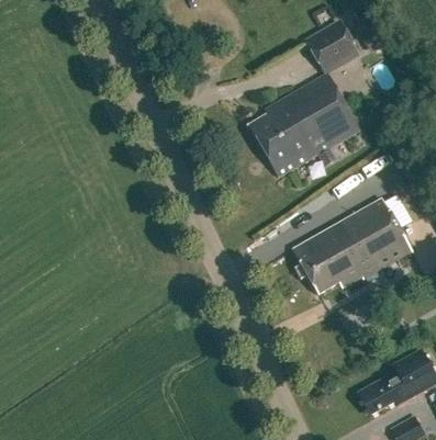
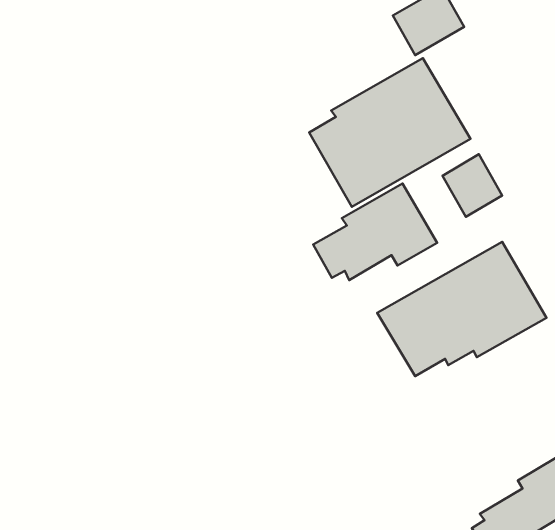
building: none -> [442,154,502,217]
building: none -> [313,184,437,280]

